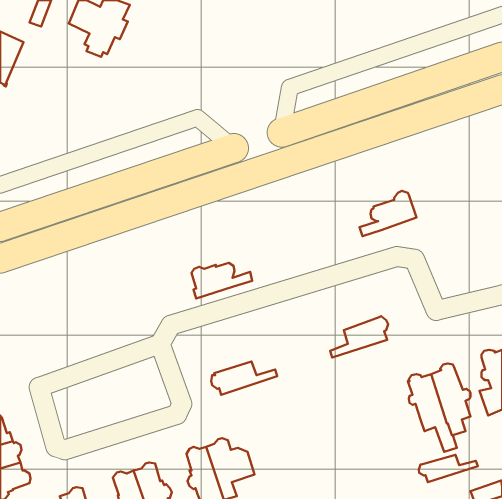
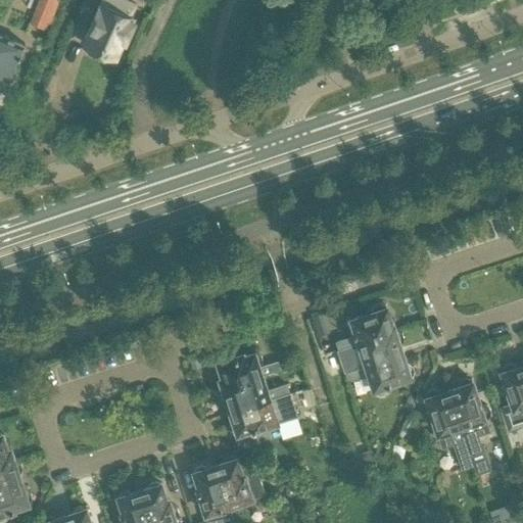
building: [360,191,417,236] -> [335,305,394,352]
building: [191,263,252,298] -> [218,354,281,391]
building: none -> [345,356,414,398]
building: none -> [229,394,296,437]
building: [419,455,478,482] -> none

